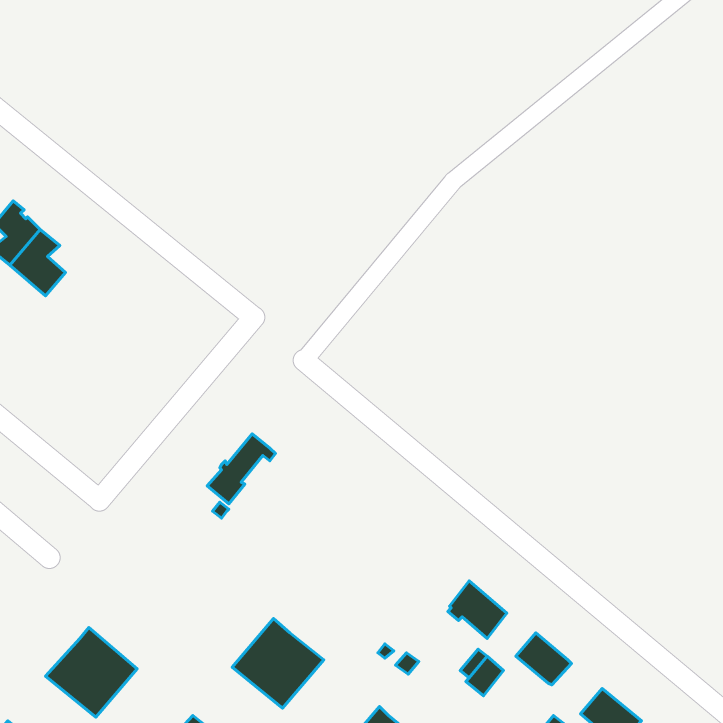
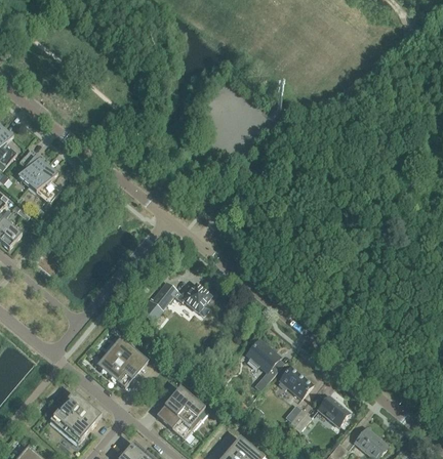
building: none -> [177,285,209,315]
building: none -> [95,337,148,388]
building: none -> [245,338,280,383]

